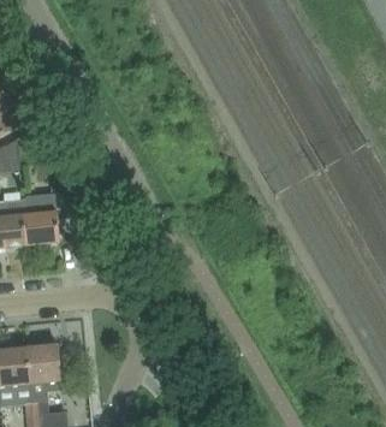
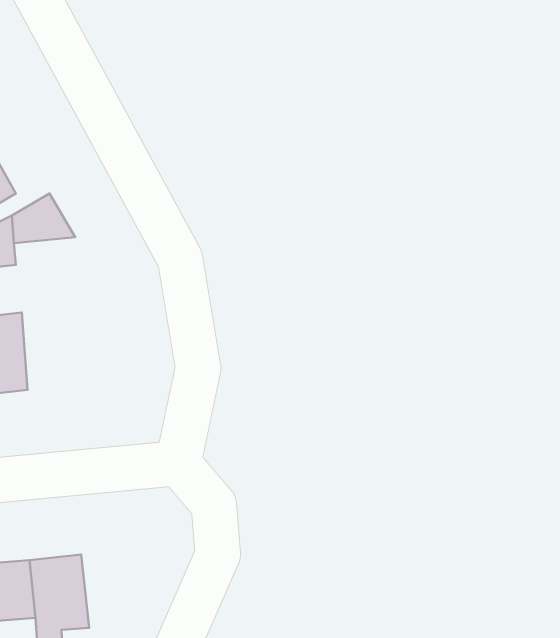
building: [20,195,58,244] -> none

